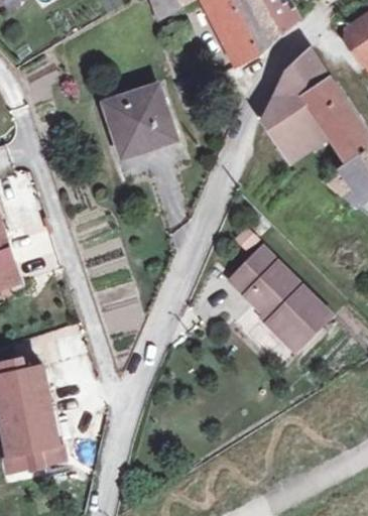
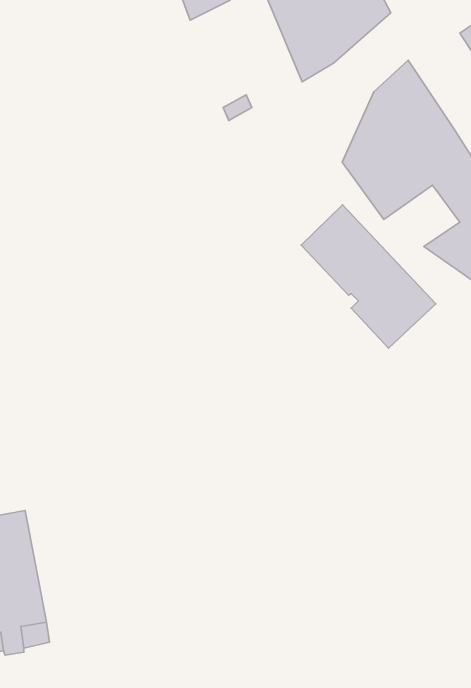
building: [107,86,175,150] -> none
building: [228,247,323,348] -> [301,205,436,348]

